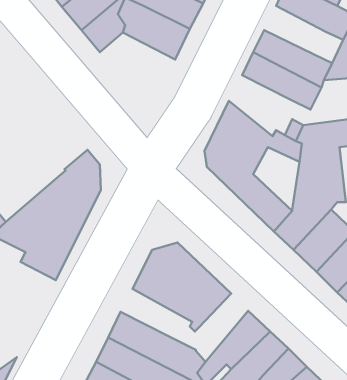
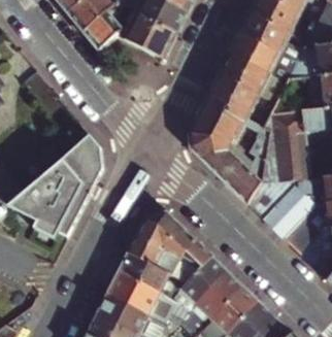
building: none -> [240,12,292,54]
building: none -> [210,71,263,123]
building: none -> [119,251,179,292]
building: none -> [182,256,227,313]

